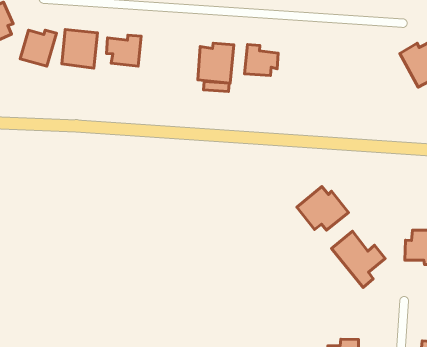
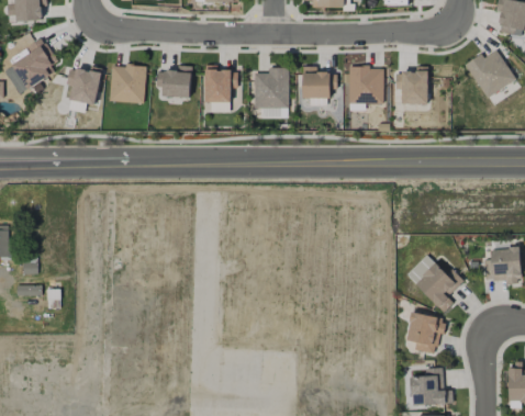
building: none -> [204,65,237,102]
building: none -> [348,67,383,103]
building: none -> [395,67,427,104]
building: [297,187,348,230] -> none
building: none -> [406,313,443,353]

